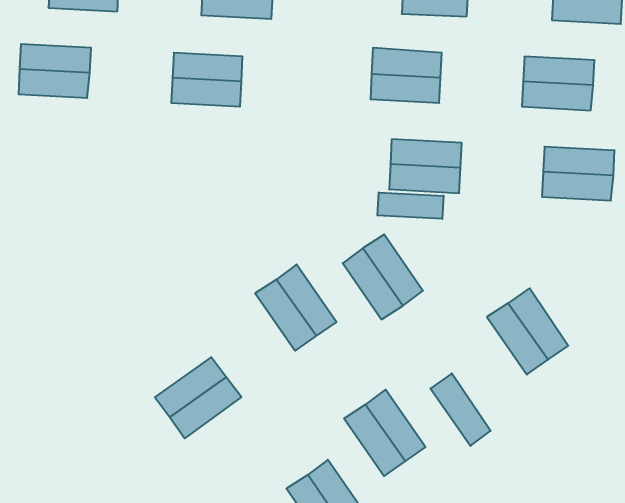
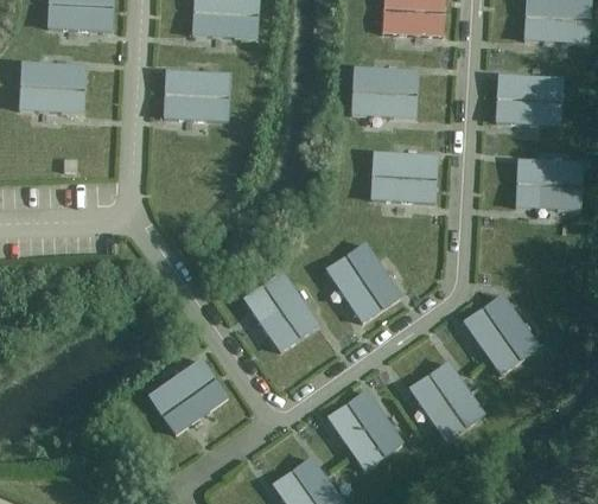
building: [377,192,444,219] -> none
building: none -> [430,361,486,428]

